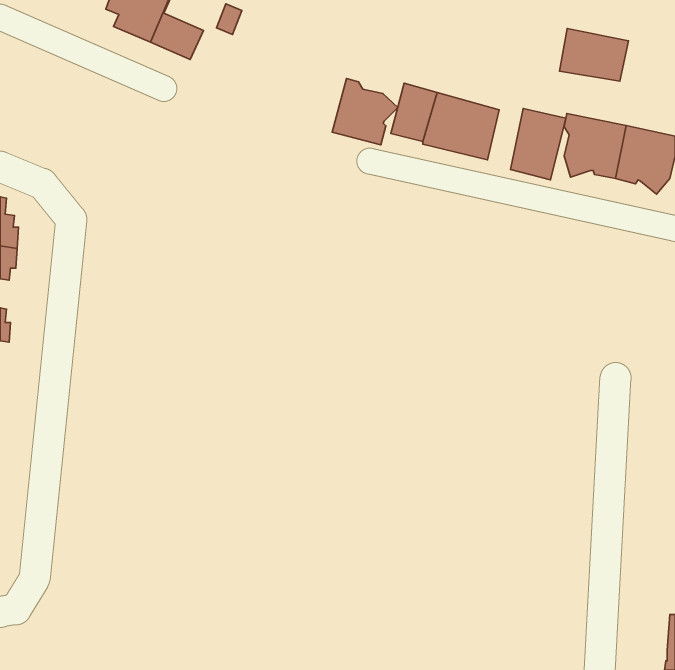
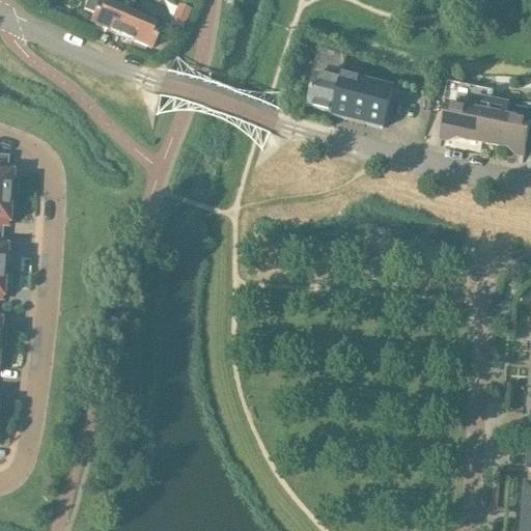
building: [559,29,628,81] -> none
building: [332,78,398,145] -> none
building: [510,109,566,180] -> none

